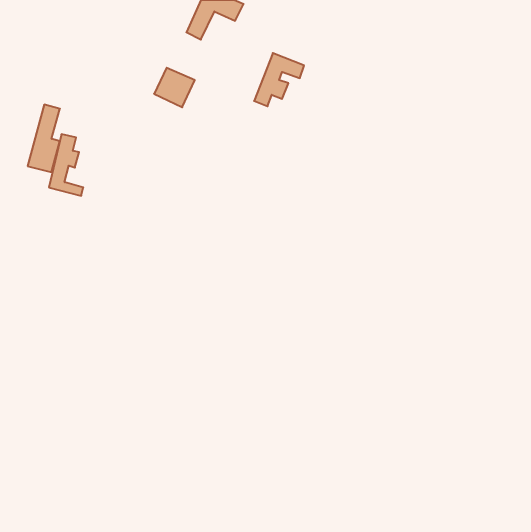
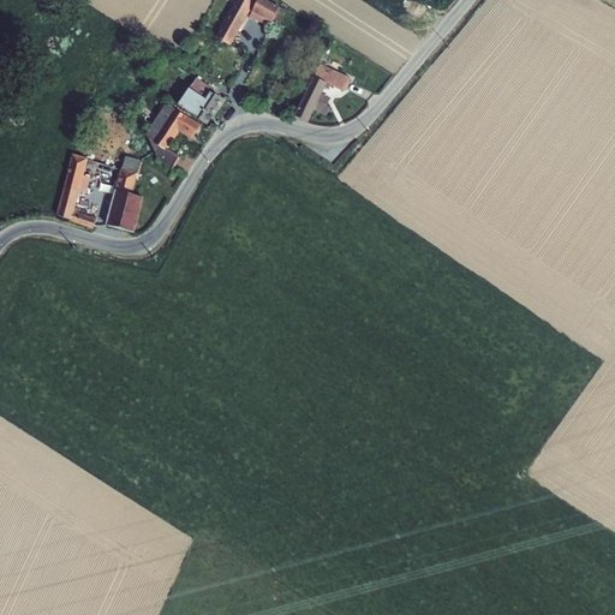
building: none -> [143,101,201,167]
building: [28,105,60,172] -> [105,154,142,232]

